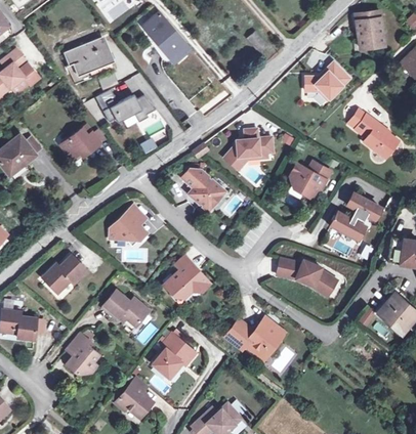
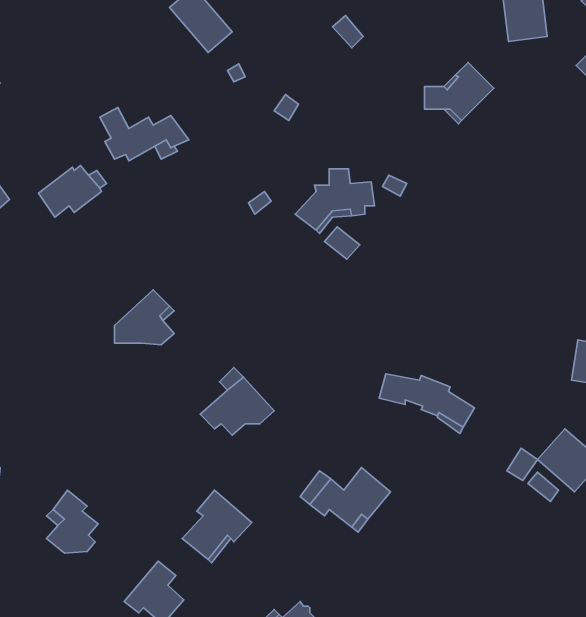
building: [65,38,112,75] -> none
building: [356,114,399,158] -> none
building: [290,162,330,199] -> none
building: [182,170,224,211] -> none
building: [331,193,381,241] -> none
building: [42,255,86,293] -> none
building: [99,290,148,327] -> none

